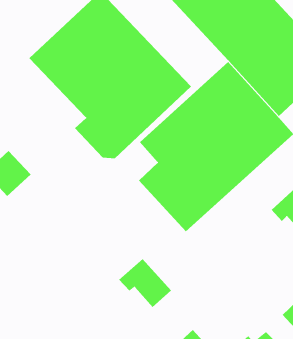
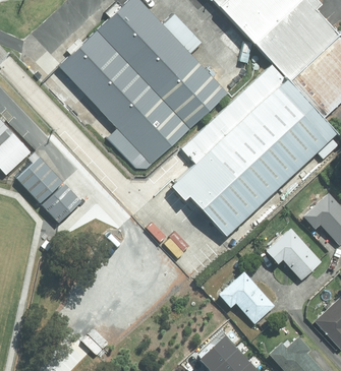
building: none -> [44,184,82,222]
building: none -> [269,230,322,280]
building: [118,258,172,308] -> [221,273,275,323]

